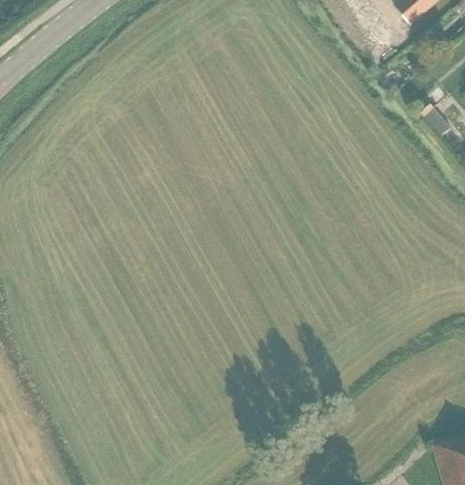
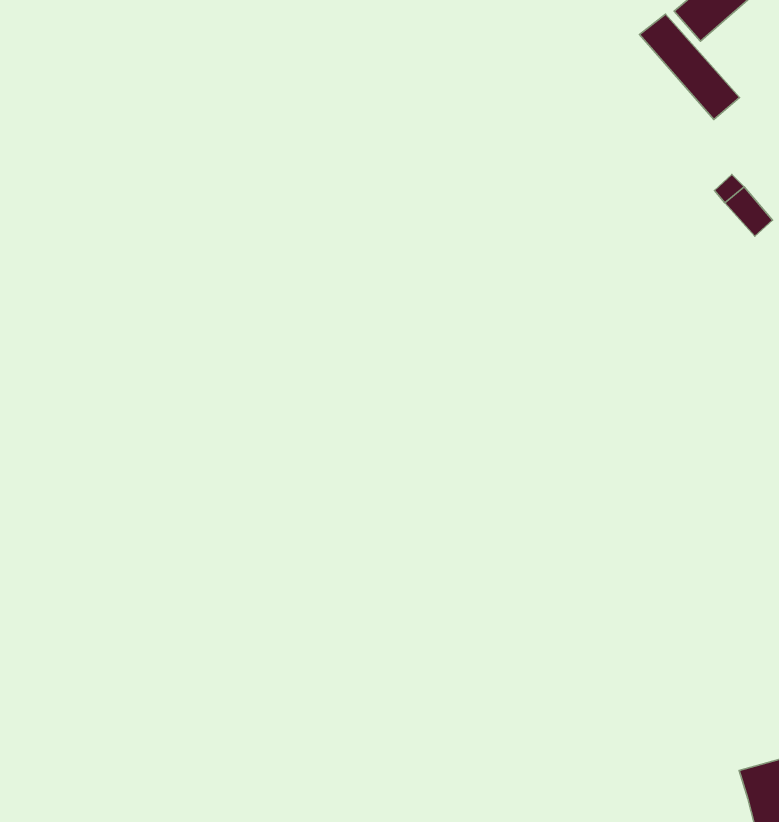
building: none -> [640,14,739,119]

